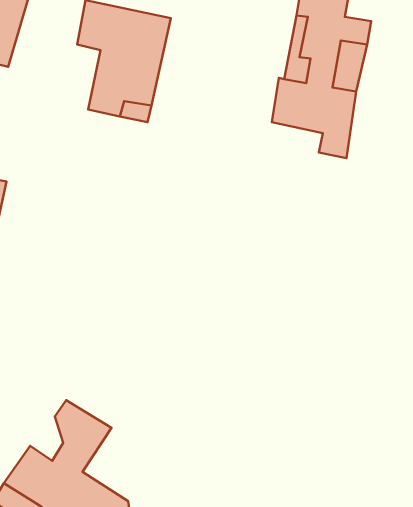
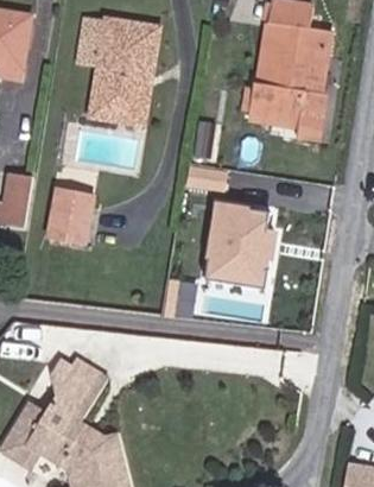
building: none -> [42,185,88,242]
building: none -> [202,201,279,289]

